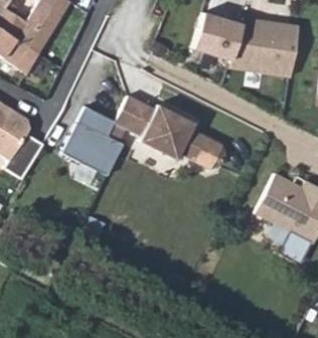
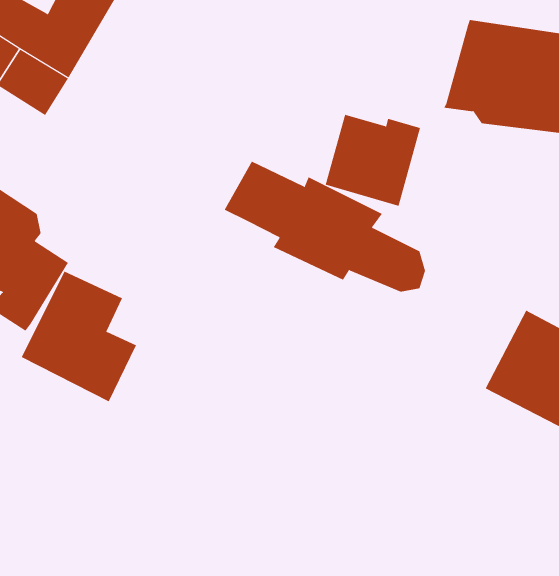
building: [194,20,244,67] -> [325,114,421,206]
building: [66,108,126,175] -> [21,271,137,402]

